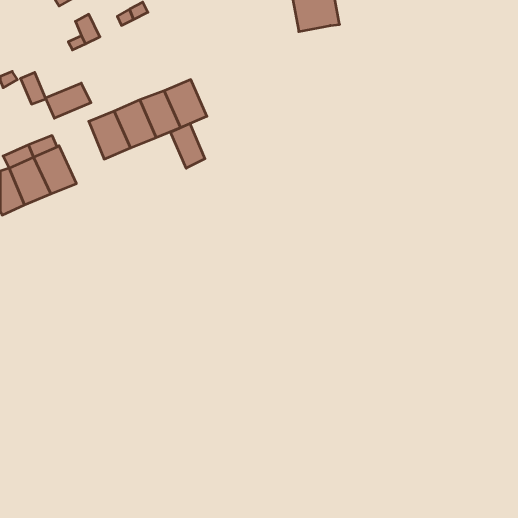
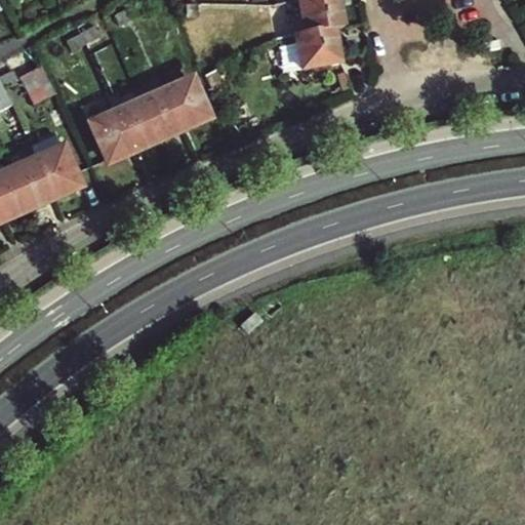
building: none -> [293,26,340,68]
building: [45,83,91,118] -> none
building: [171,123,205,168] -> none

